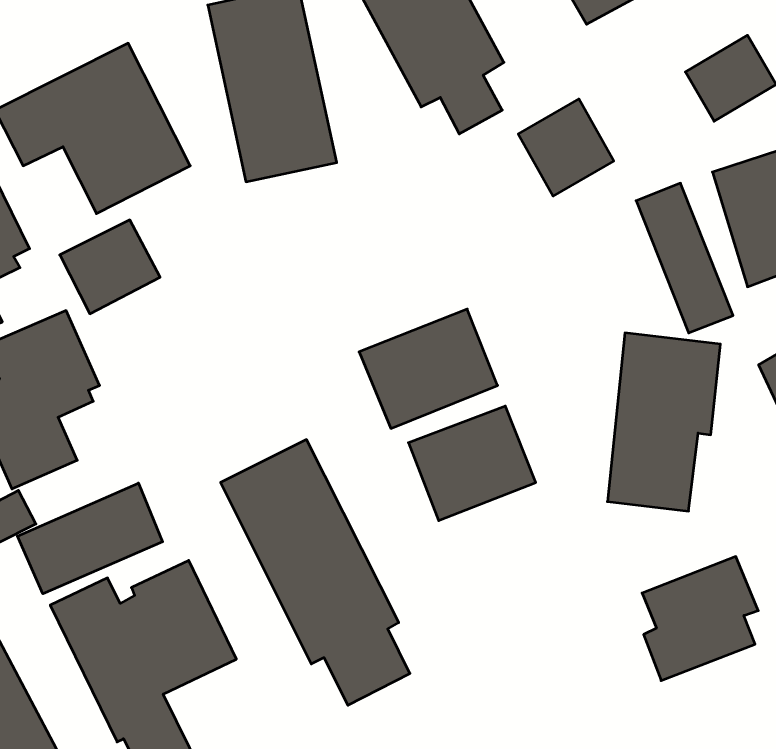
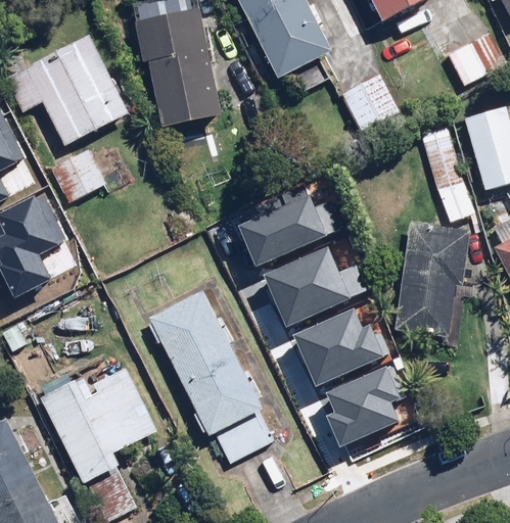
building: [17,483,163,594] -> none
building: none -> [294,326,386,405]
building: [642,557,758,681] -> [328,384,403,464]

